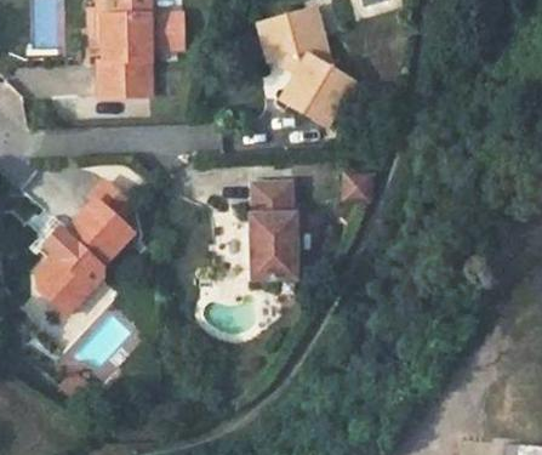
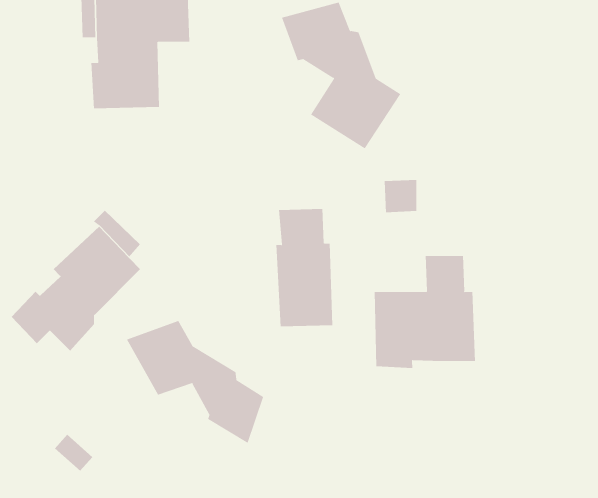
building: none -> [374,255,475,369]
building: none -> [126,320,264,444]

